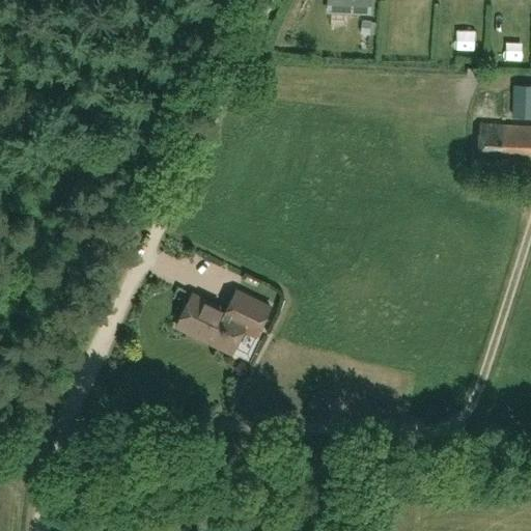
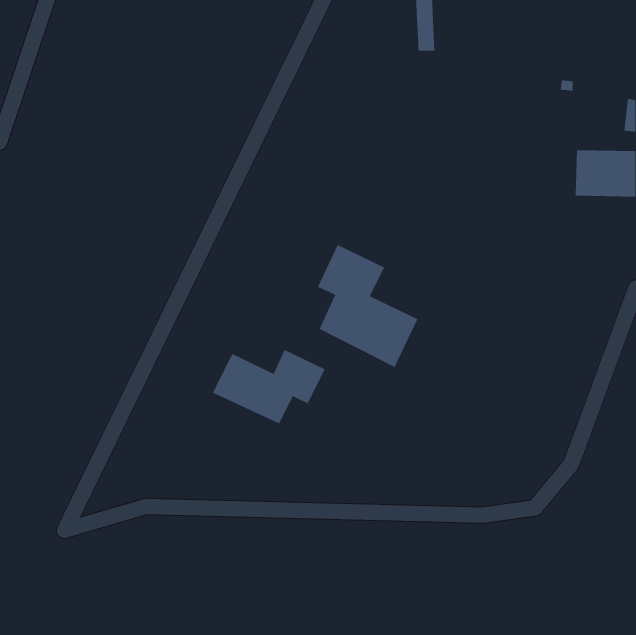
building: none -> [317,244,418,368]

